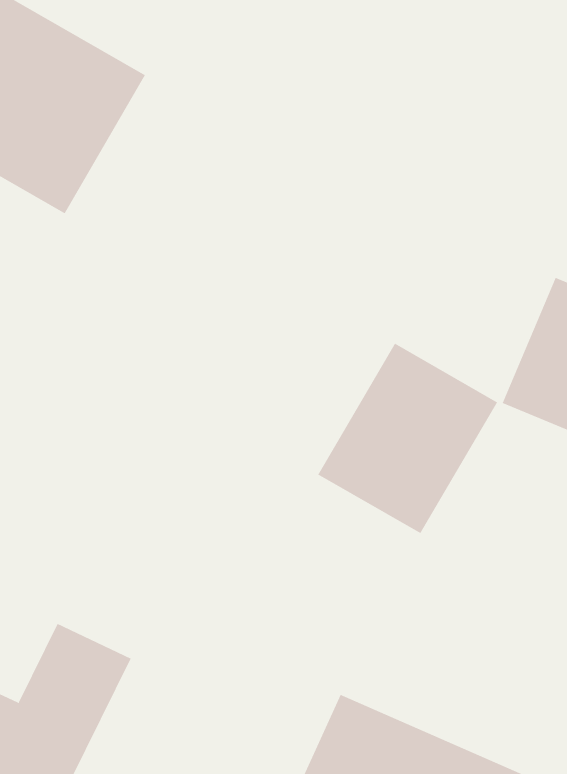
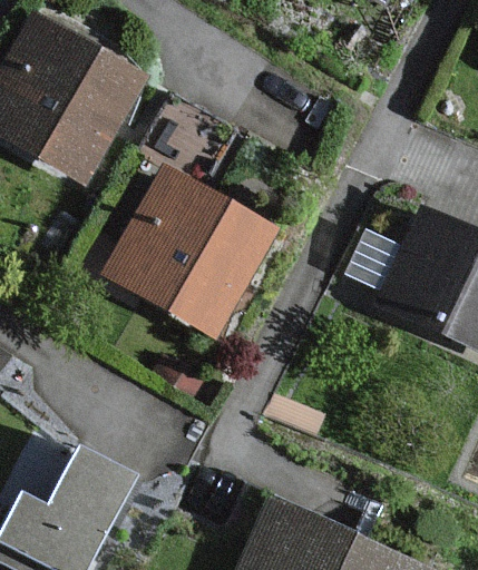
building: none -> [109,173,270,330]
building: [317,343,498,534] -> none

